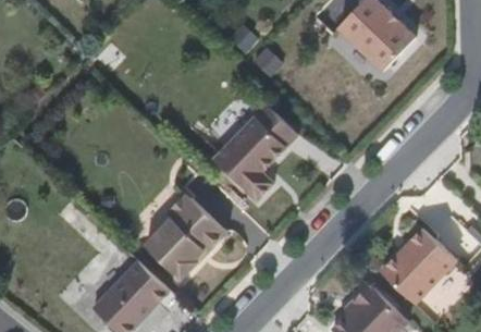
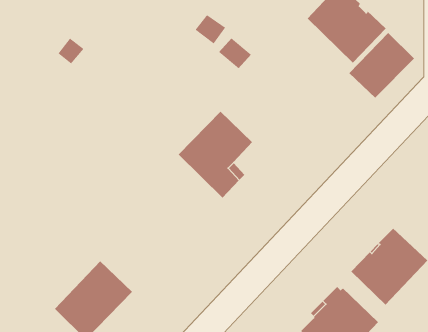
building: none -> [349,32,415,98]
building: [145,197,226,280] -> none

